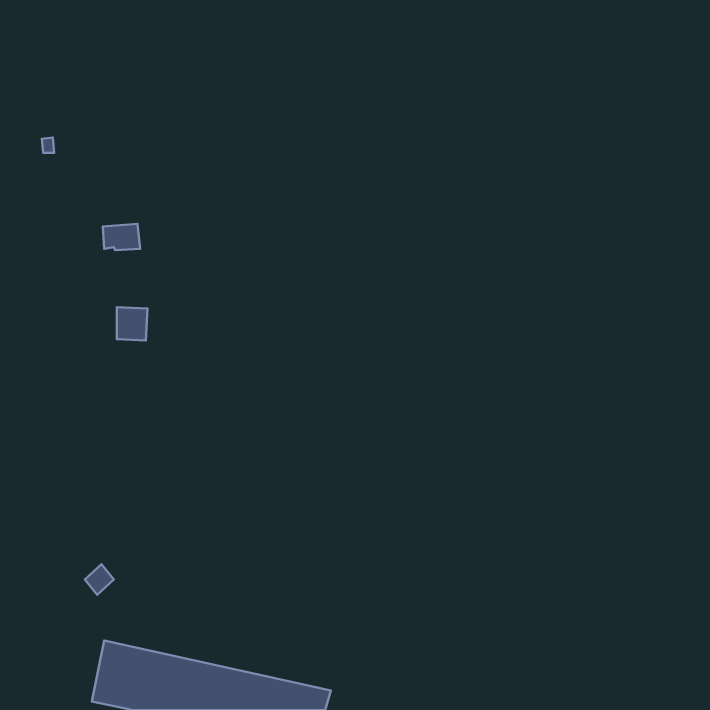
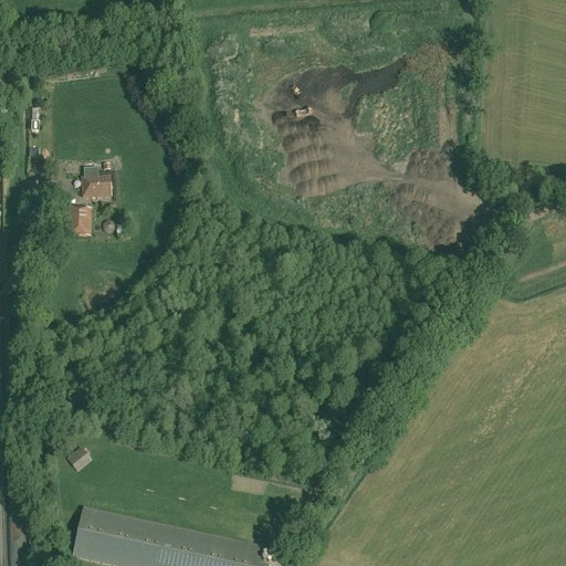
building: [117,307,147,340] -> [66,210,91,237]

